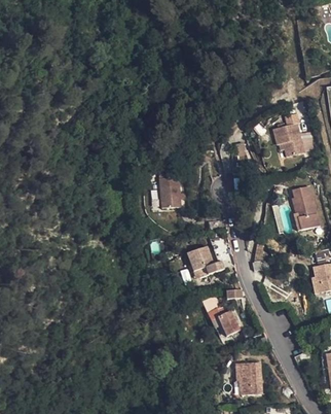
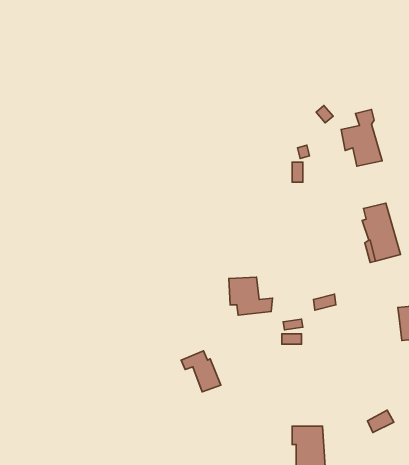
building: [157,174,178,204] -> none
building: [207,304,237,336] -> [181,351,221,392]

